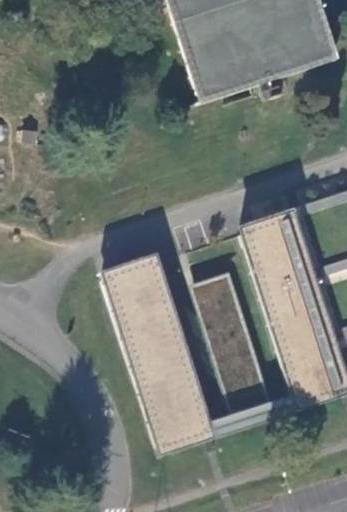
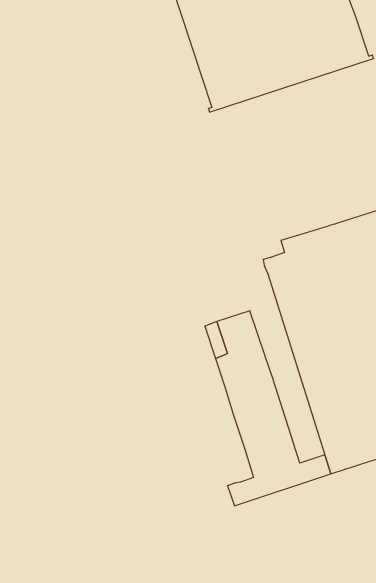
building: [100,249,216,451] -> none

